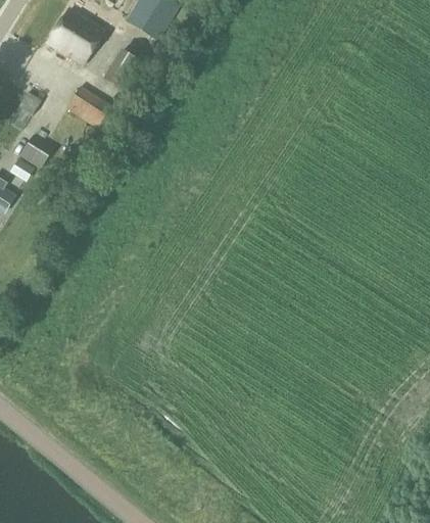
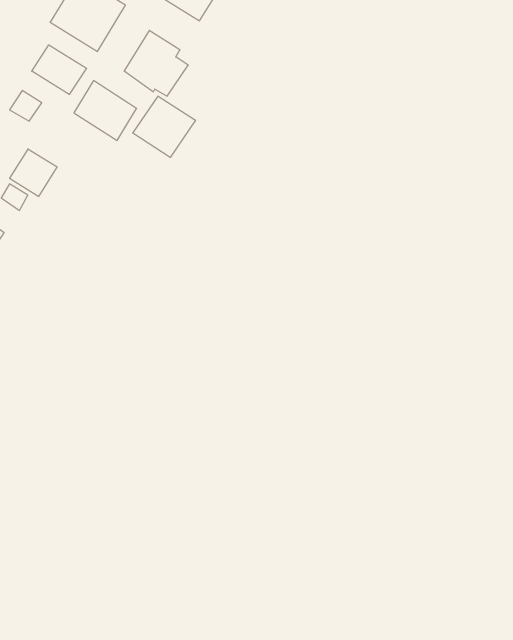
building: none -> [32,45,87,94]
building: none -> [133,96,195,157]

